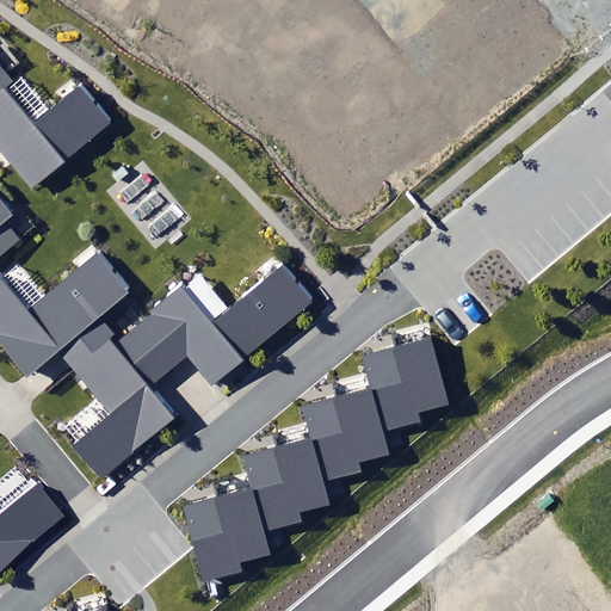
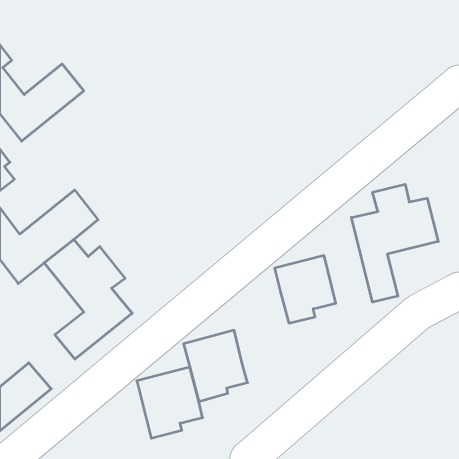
building: none -> [351,184,438,302]
building: [132,264,311,384] -> none
building: [302,389,389,482] -> none

